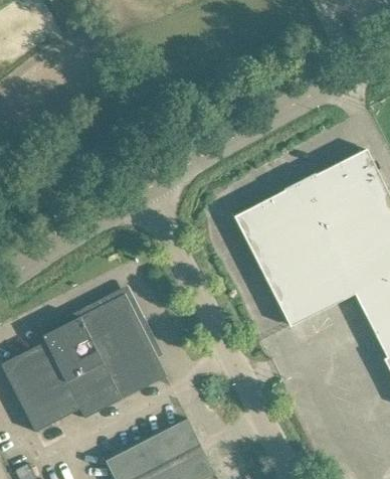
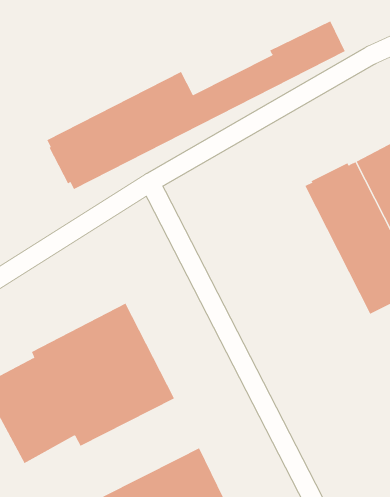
building: none -> [46,20,346,190]
building: [233,193,334,327] -> none

